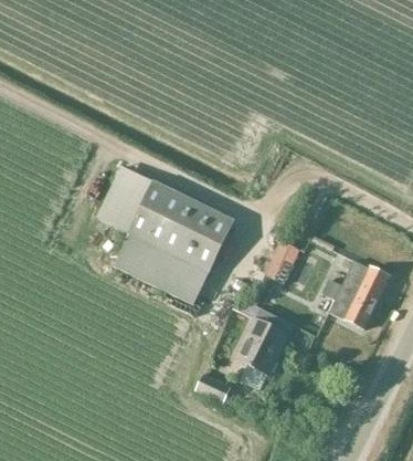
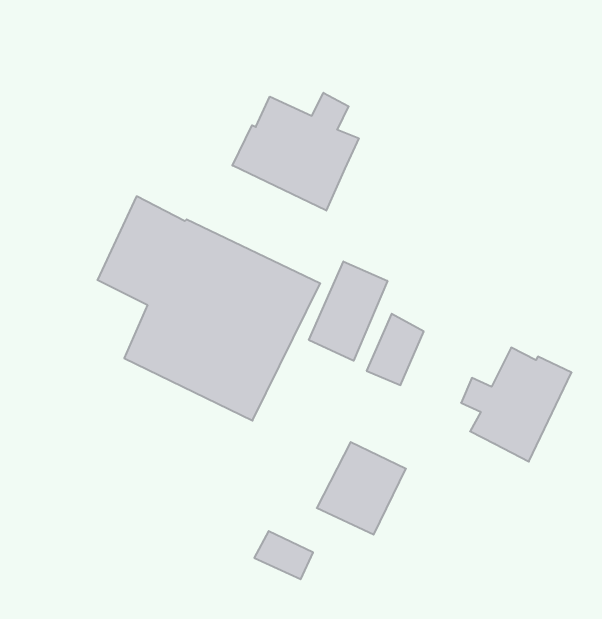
building: none -> [232,93,359,211]
building: none -> [309,261,387,361]

